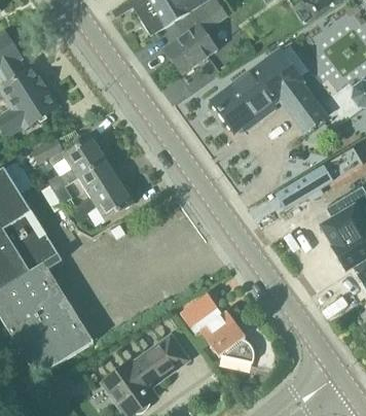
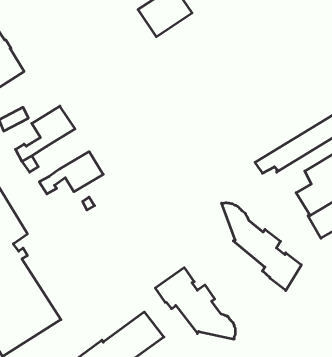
building: [213,50,326,132] -> none
building: [79,161,119,199] -> none
building: none -> [222,203,301,291]

